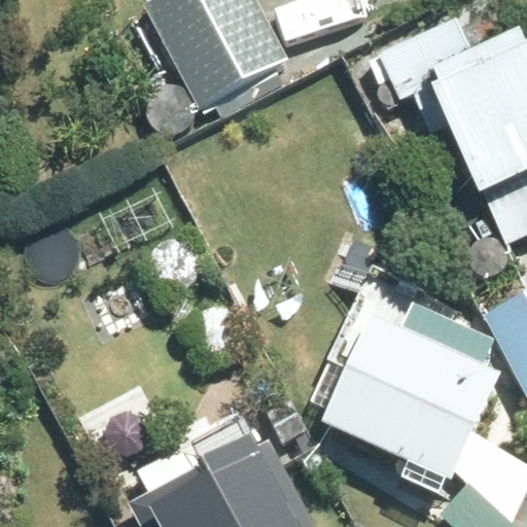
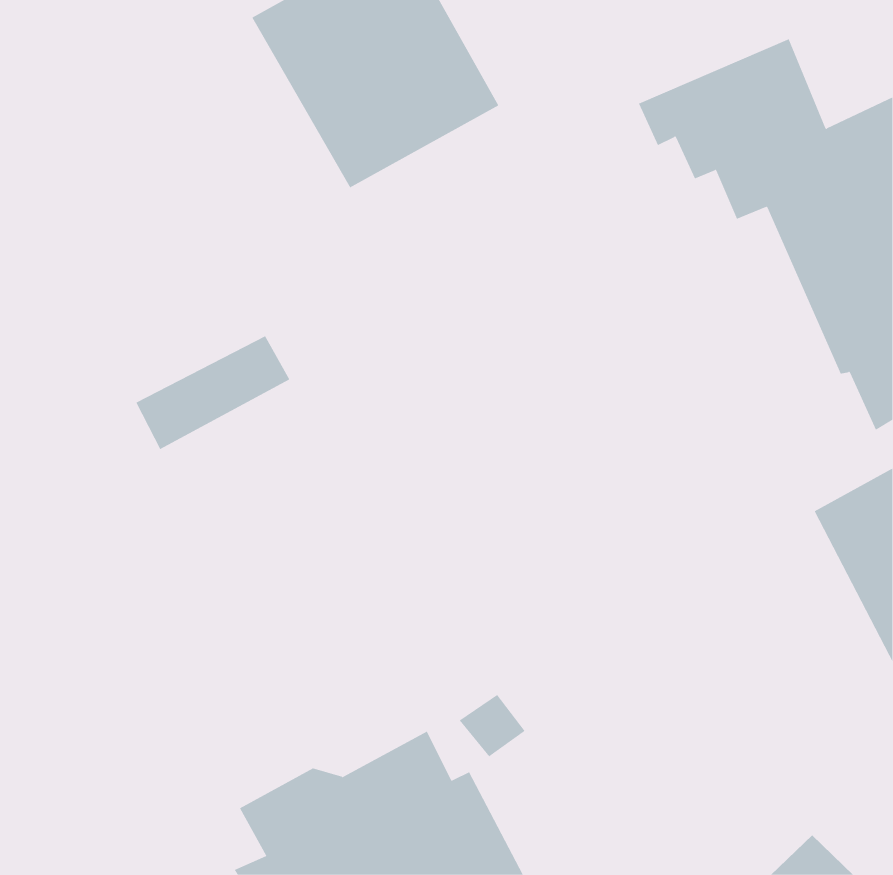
building: [328,322,507,496] -> none

